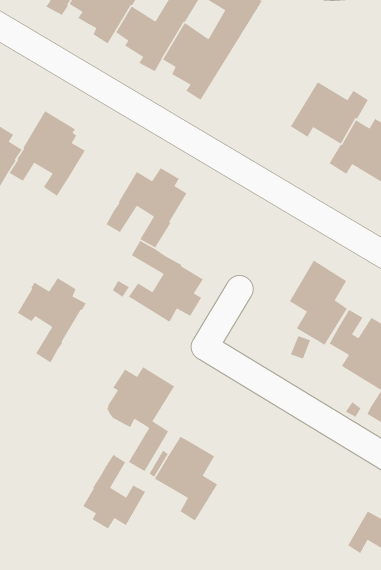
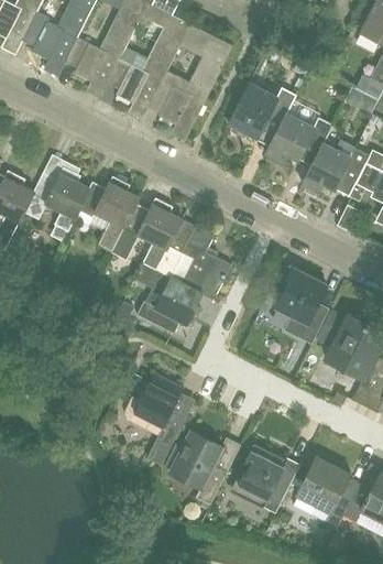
building: none -> [229,83,296,138]
building: none -> [156,219,230,300]
building: [17,277,87,364] -> [78,176,139,252]
building: [82,454,146,529] -> none
building: none -> [238,444,296,513]
building: none -> [293,456,352,530]

